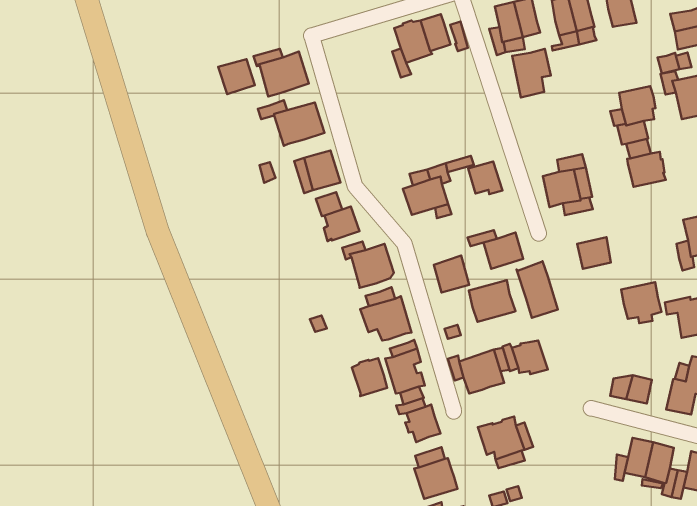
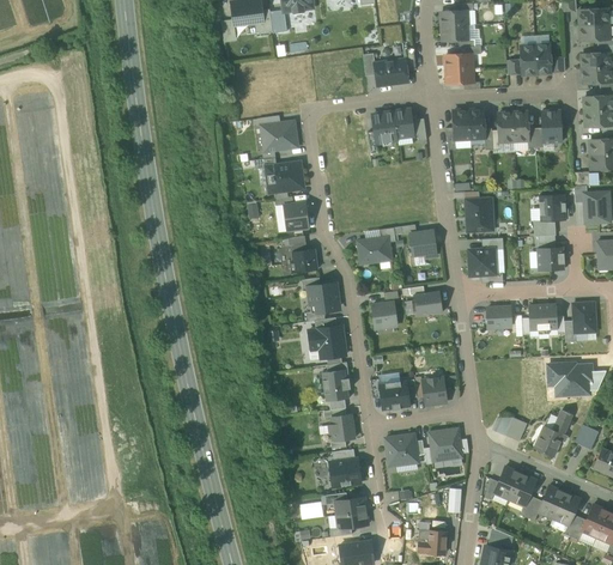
building: [512,49,551,97] -> [465,198,492,232]
building: [218,59,255,94] -> none
building: [517,261,558,318] -> none
building: [469,280,515,322] -> none
building: [621,282,662,323] -> [528,304,557,334]
building: [352,358,387,396] -> none
building: none -> [429,429,462,462]

